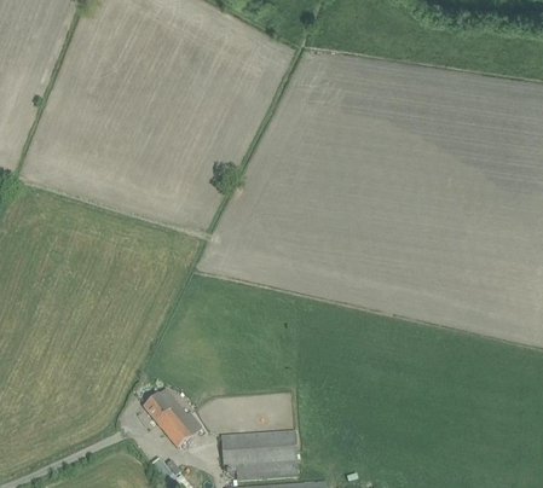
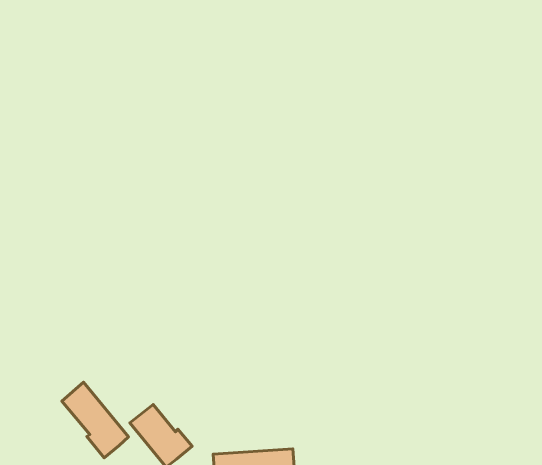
building: none -> [62,382,129,458]

